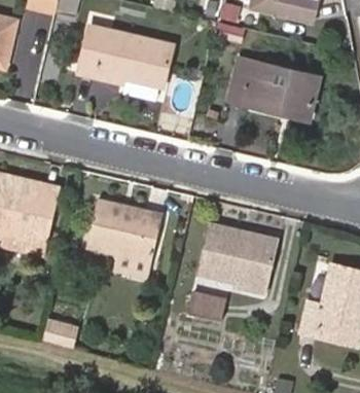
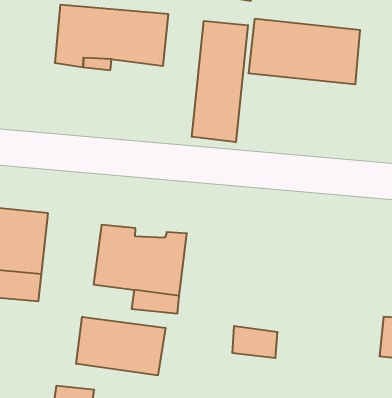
building: none -> [192,21,248,142]
building: [199,221,280,289] -> none
building: none -> [76,317,165,375]

